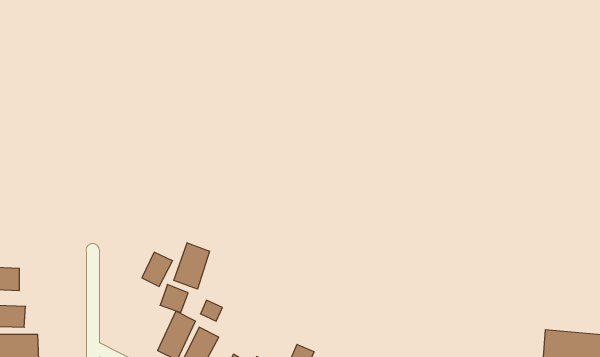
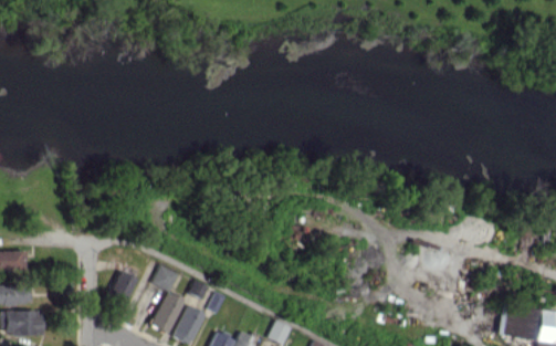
building: [174,243,210,289] -> none
building: [142,252,173,286] -> [109,271,137,302]

